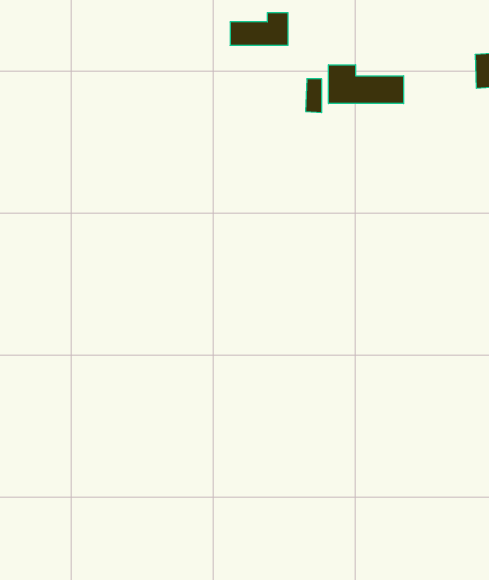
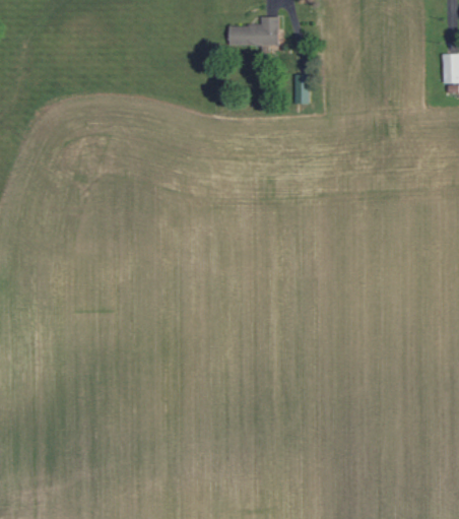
building: [329,65,404,104] -> none

